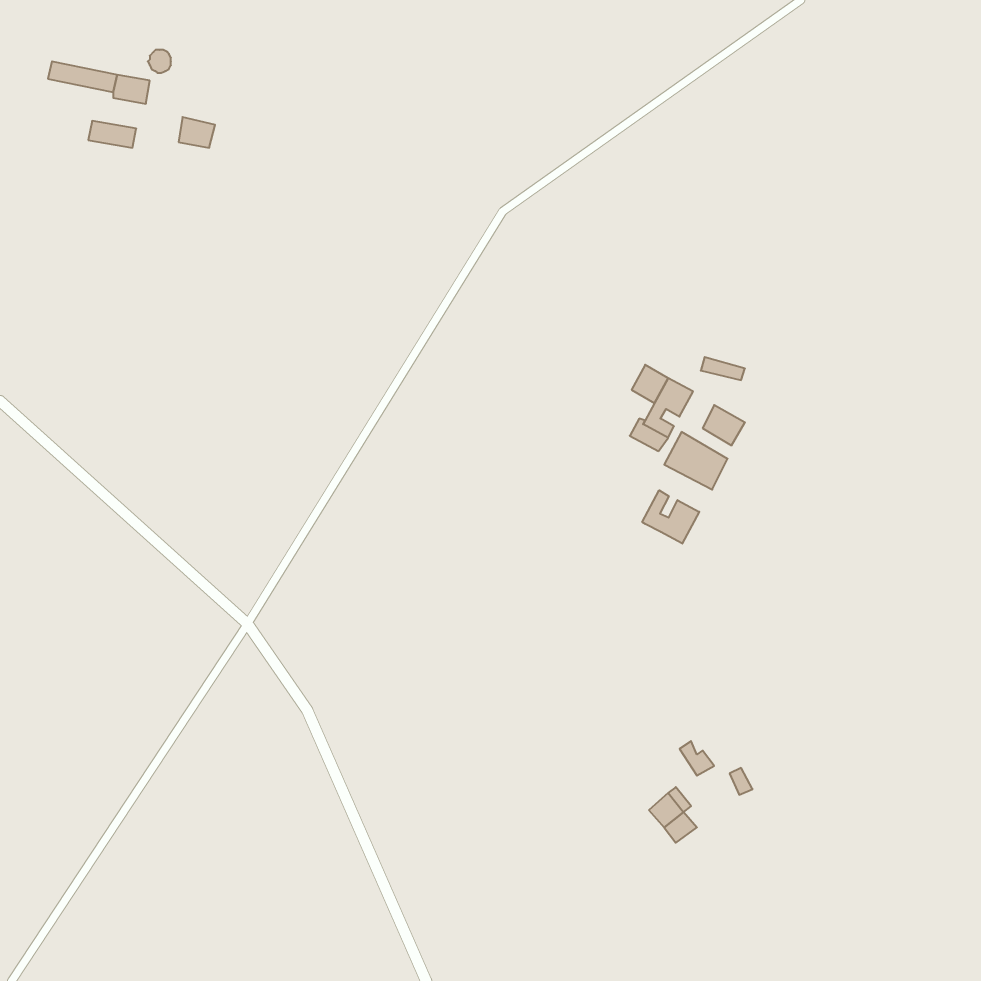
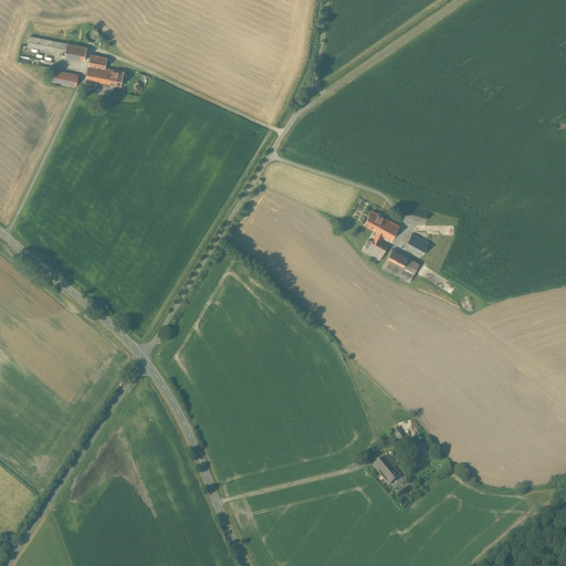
building: none -> [85,54,107,82]
building: [642,490,699,544] -> none

